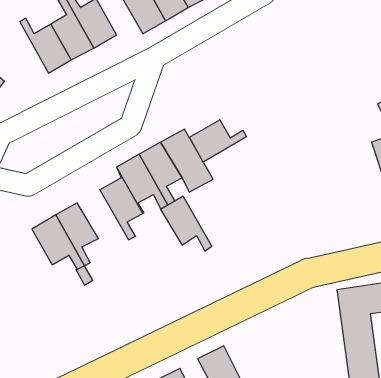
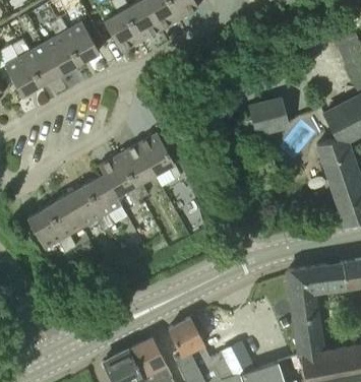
building: none -> [5,42,42,97]
building: none -> [250,99,287,135]
building: [189,120,247,162] -> none
building: [161,196,212,251] -> [66,185,110,232]

